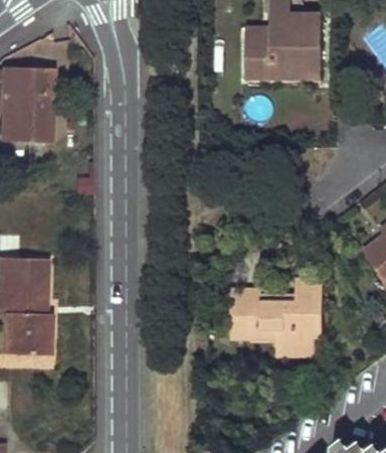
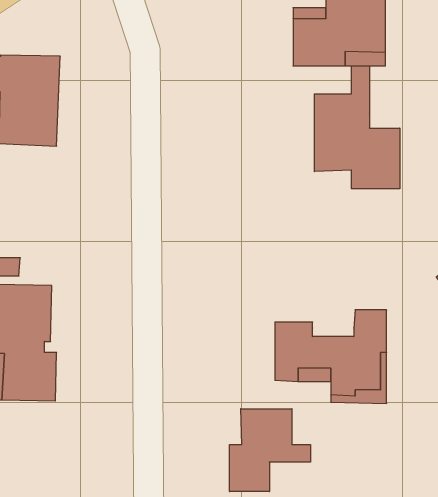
building: none -> [314,66,400,189]
building: none -> [230,409,310,492]

